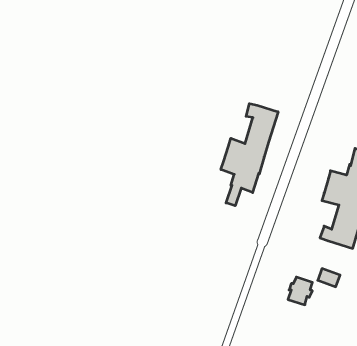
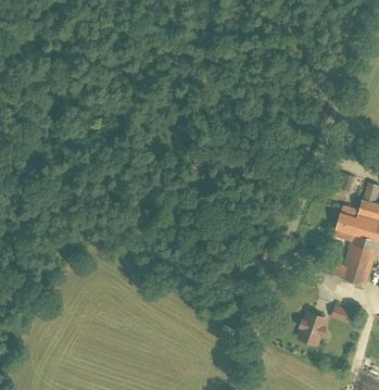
building: [221,104,278,206] -> none

